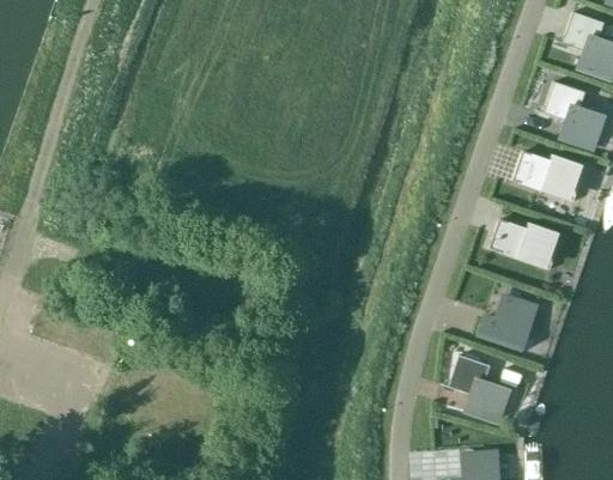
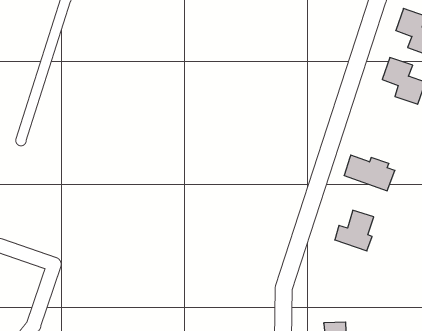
building: [514,151,585,201] -> none
building: [449,354,510,421] -> none

